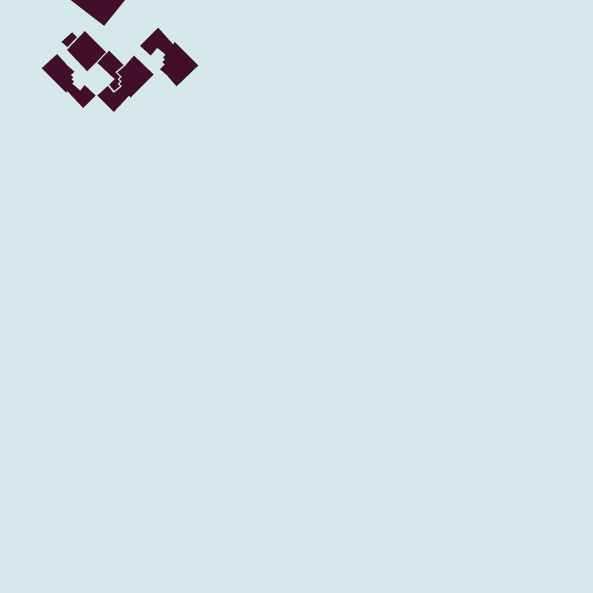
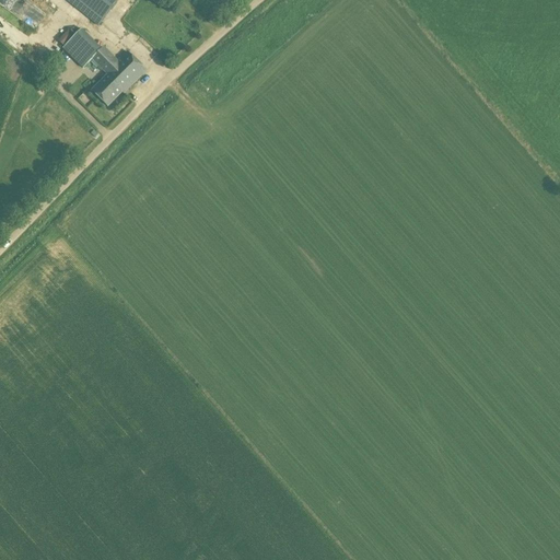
building: [139,27,199,87] -> none
building: [41,53,97,109] -> none

